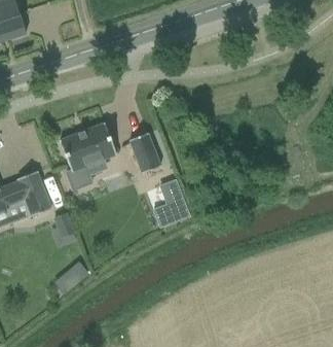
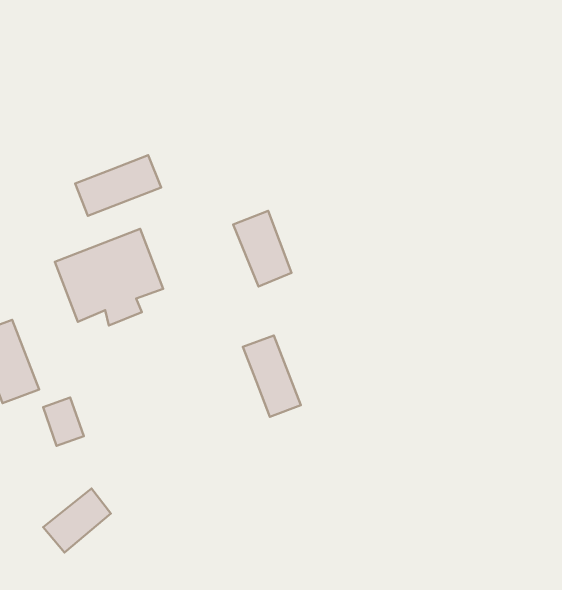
building: none -> [75,155,161,216]
building: [128,133,159,173] -> [233,211,291,286]

